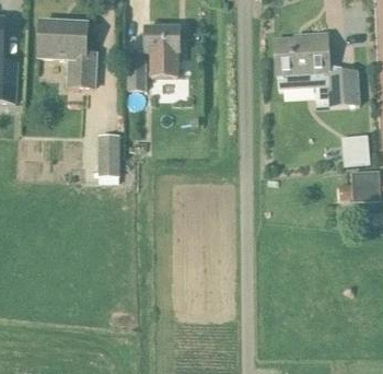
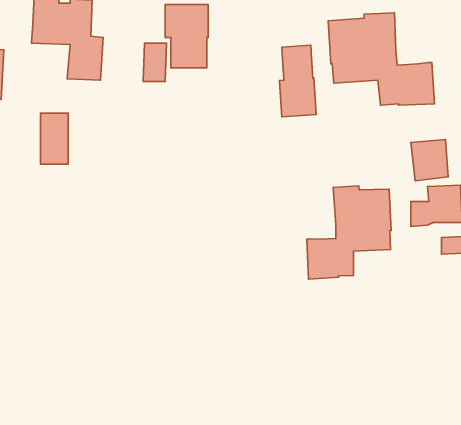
building: none -> [279,45,316,117]
building: [98,133,120,174] -> [40,113,68,164]
building: none -> [307,186,391,279]

